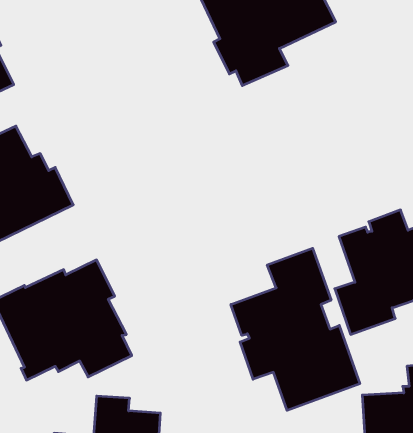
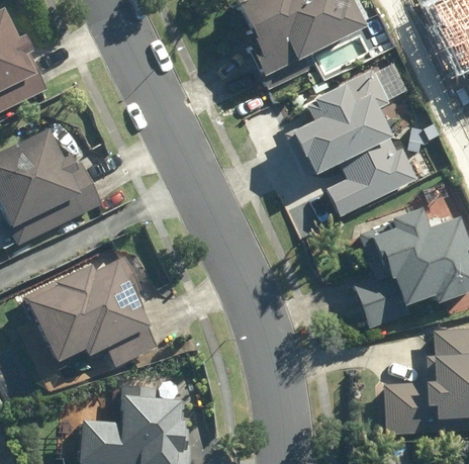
building: none -> [280,69,412,216]
building: [231,248,360,410] -> none

